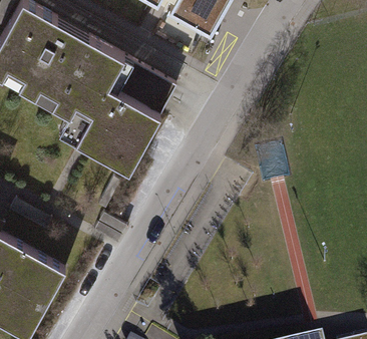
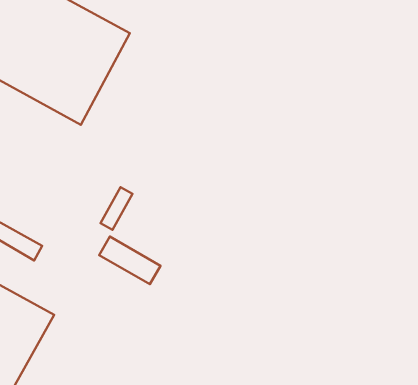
building: [73,60,172,177] -> none

